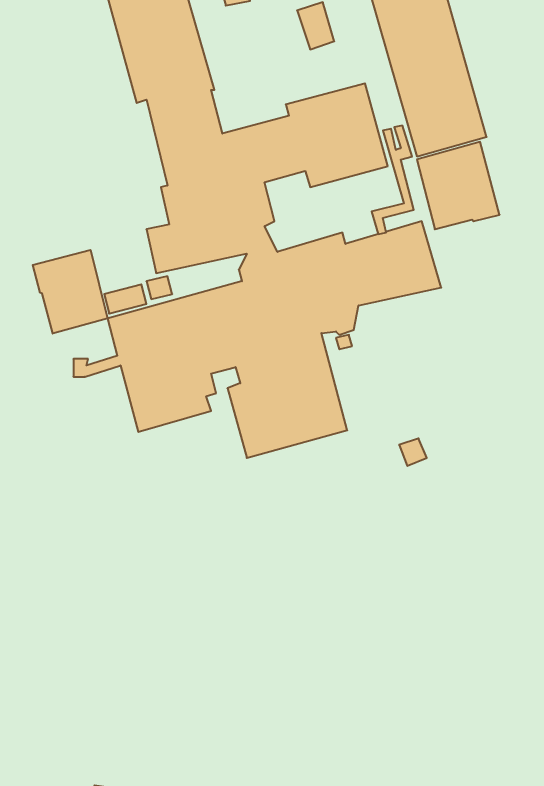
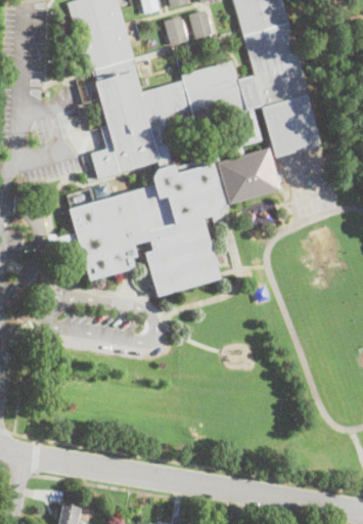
building: none -> [165,15,188,44]
building: [33,250,107,334] -> none

